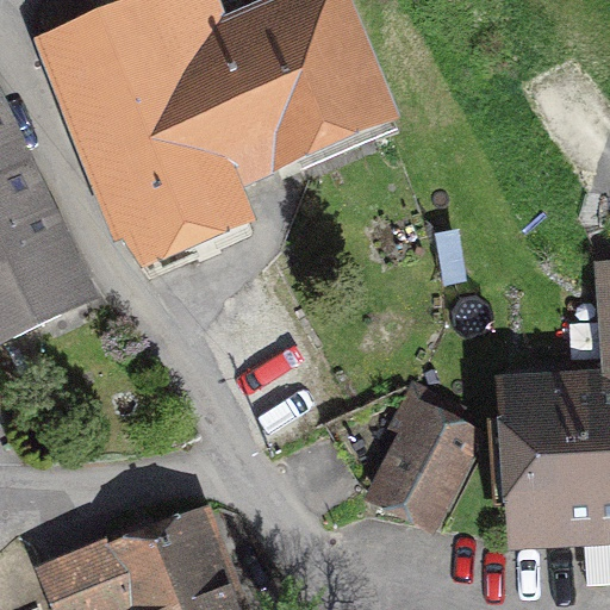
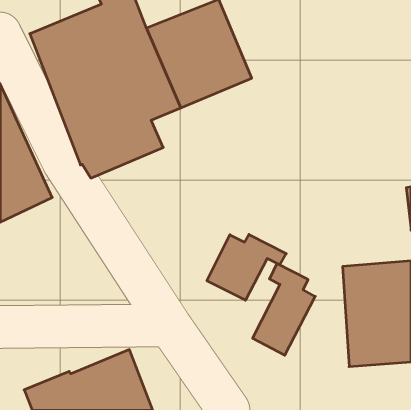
building: none -> [207,234,286,300]

